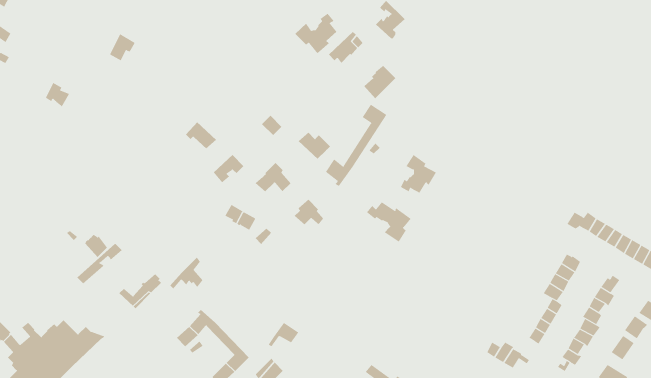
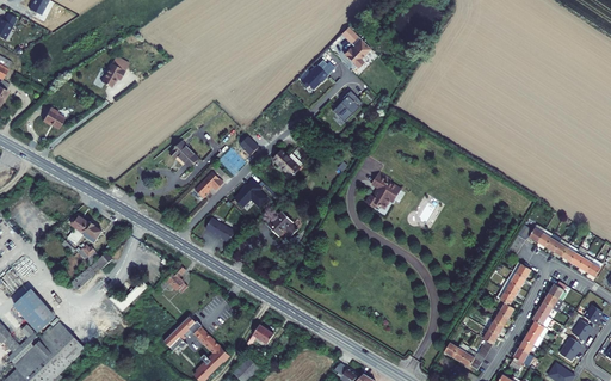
building: [295,13,337,54] -> none
building: [325,104,387,187] -> none
building: [366,201,412,242] -> none
building: none -> [67,216,101,245]
building: none -> [12,285,56,330]

